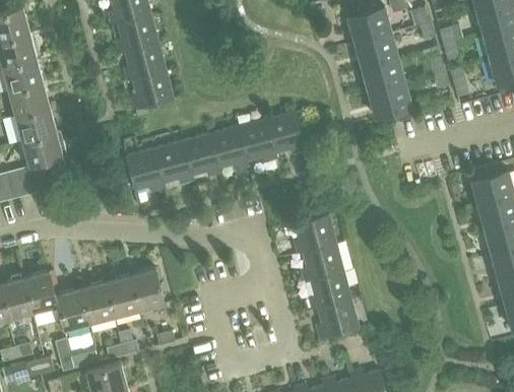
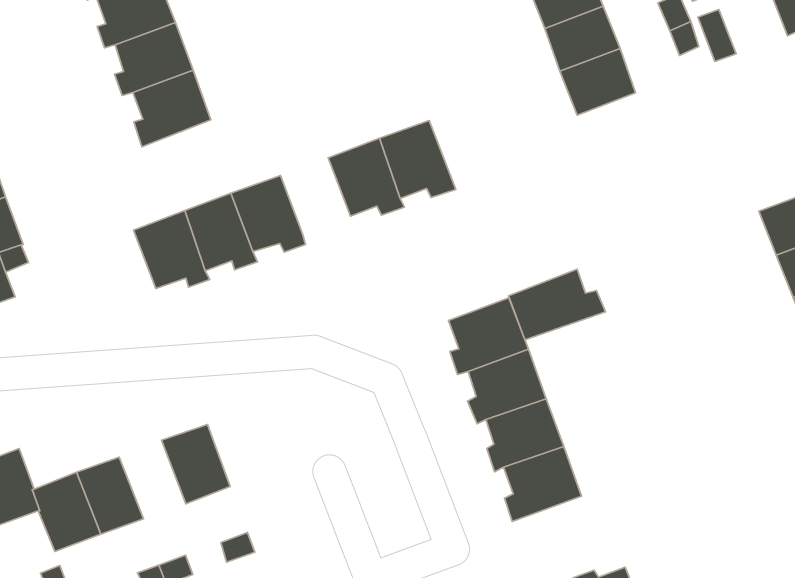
building: [209,127,248,170] -> none
building: none -> [508,269,606,340]
building: [105,274,139,317] -> none

